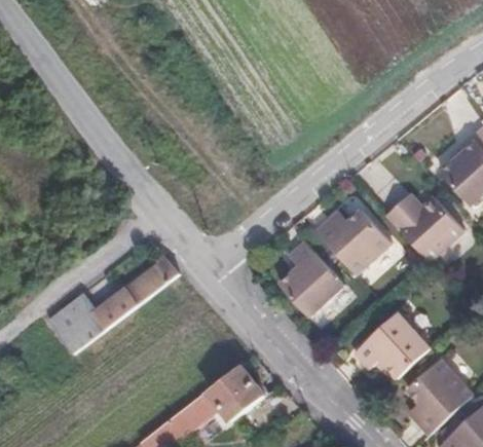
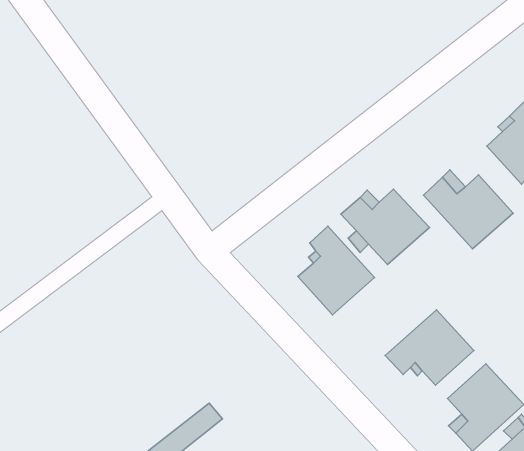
building: [48,257,181,352] -> none
building: [209,366,265,426] -> none

